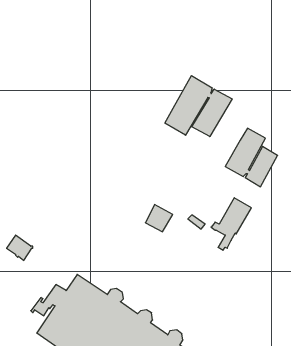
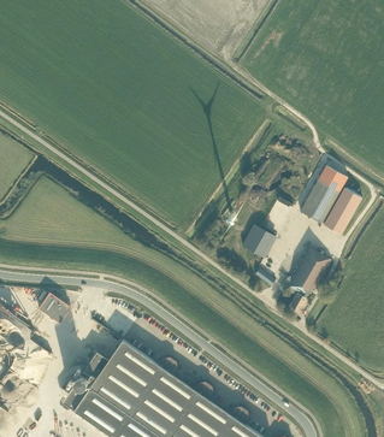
building: [165,76,232,137] -> none
building: [145,205,173,232] -> [242,224,274,256]

